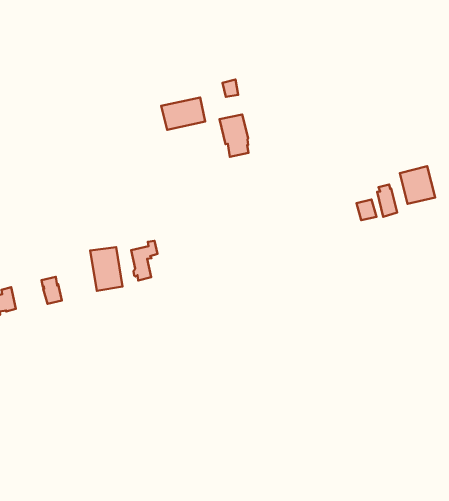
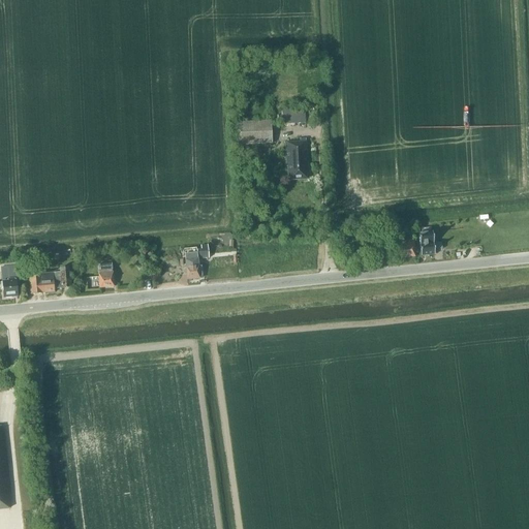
building: [400,166,435,204] -> none
building: [90,247,122,291] -> none

